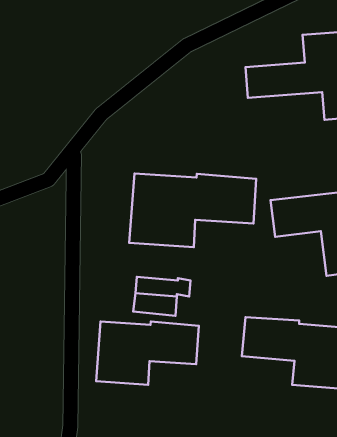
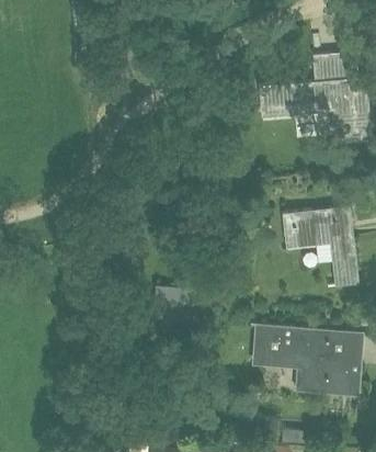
building: [129,173,256,247] -> none
building: [96,321,199,385] -> none

